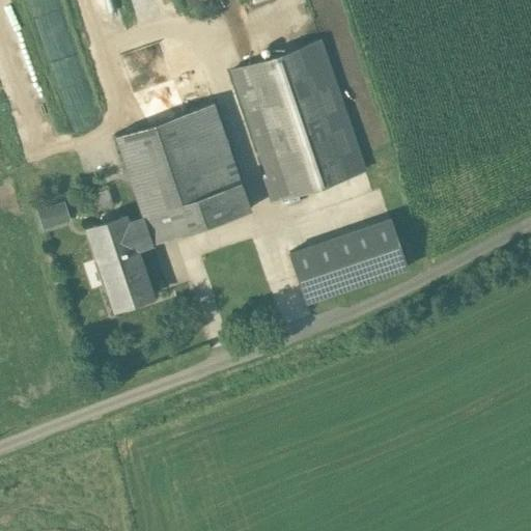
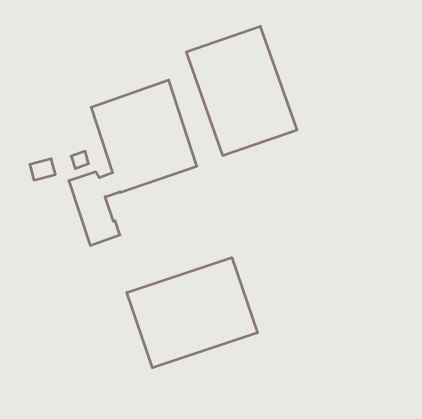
building: [291,222,404,303] -> none
building: none -> [127,258,257,368]

